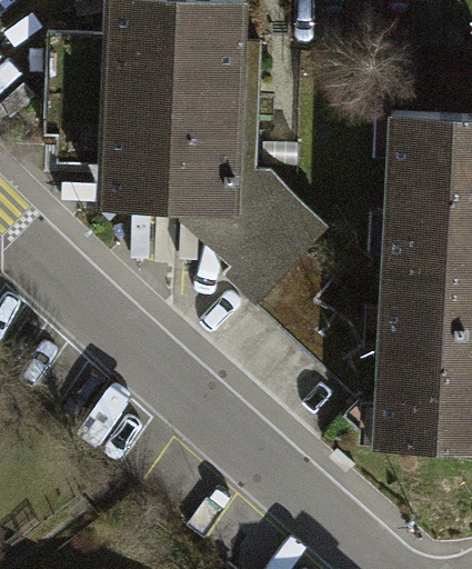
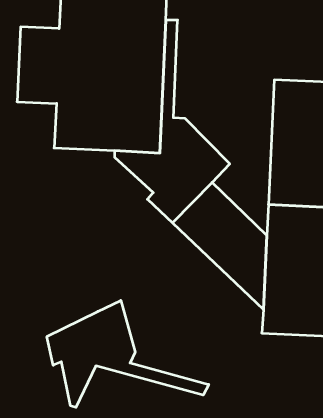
building: none -> [47,300,209,407]

